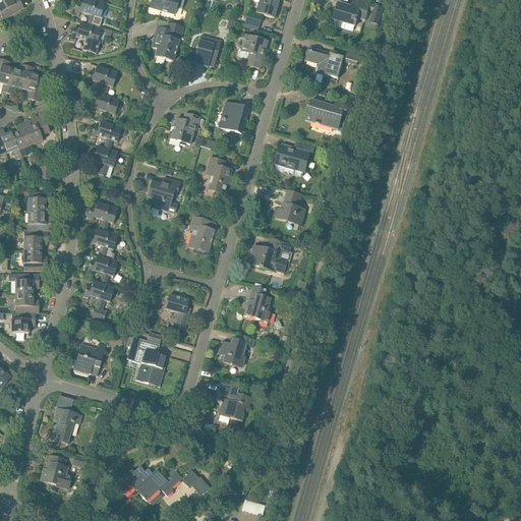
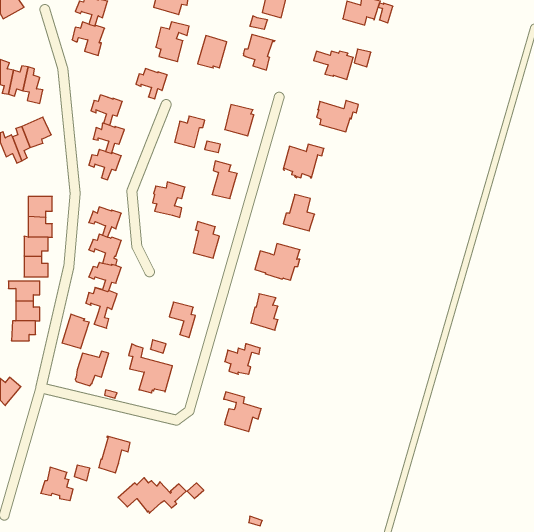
building: [86,65,117,95] -> [136,69,167,99]
building: none -> [62,314,89,349]
building: [51,408,81,444] -> [99,436,130,473]

